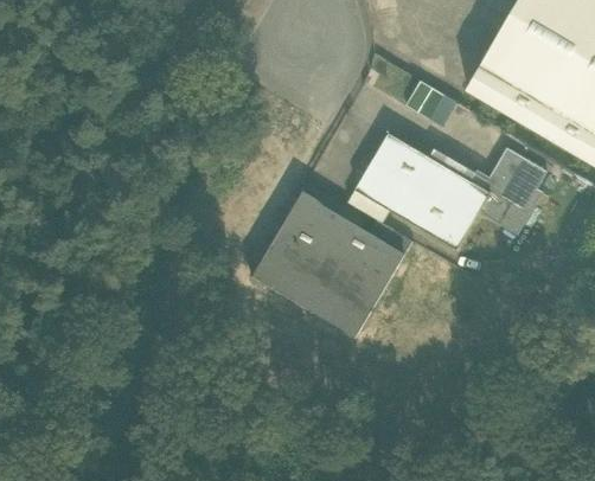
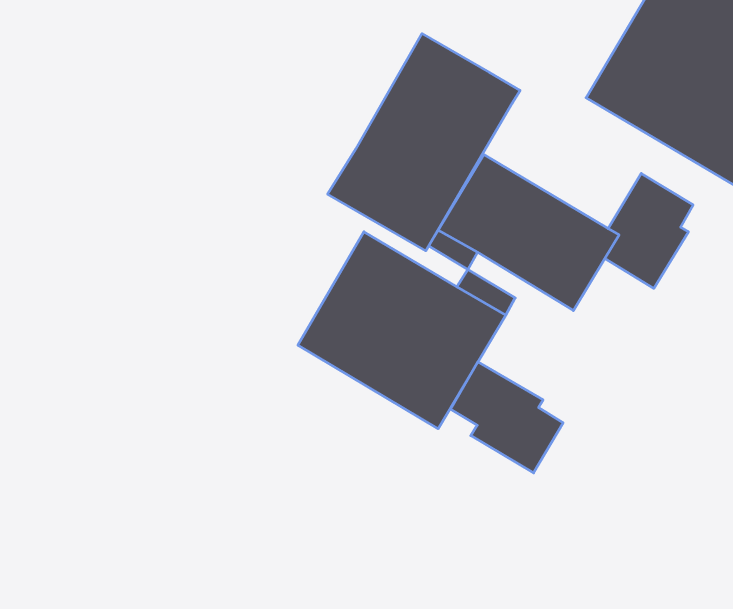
building: none -> [328,34,520,251]
building: none -> [450,362,563,473]

